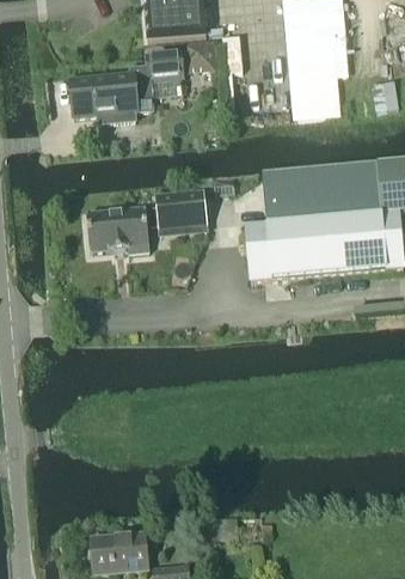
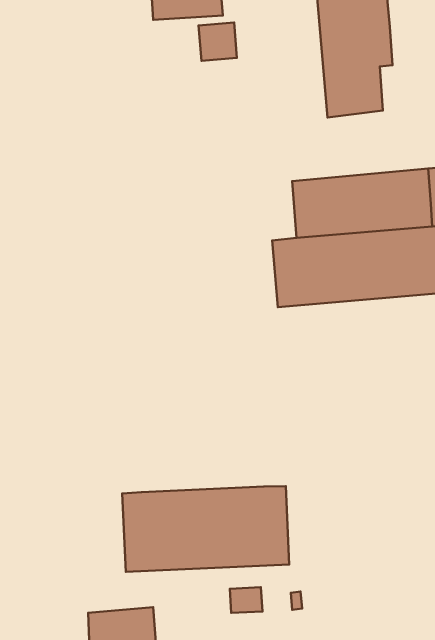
building: [67,45,182,122] -> none
building: [86,188,205,250] -> none
building: none -> [122,486,289,572]

